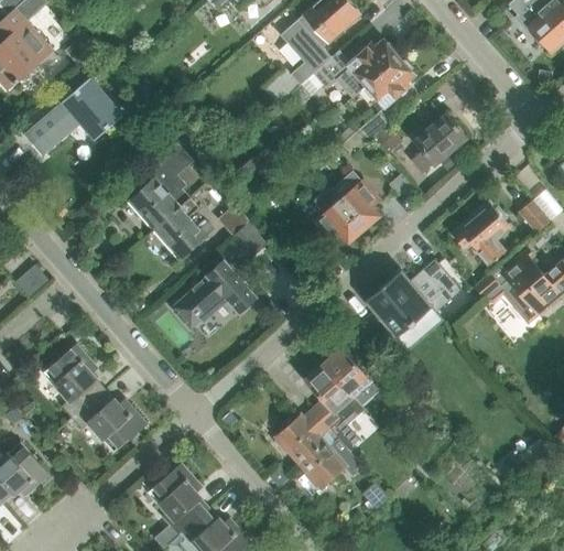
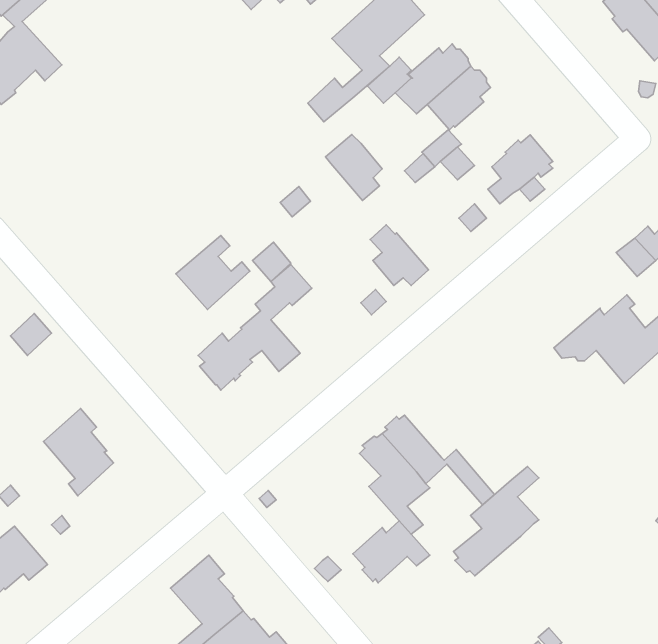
building: [23,61,123,156] -> none
building: [128,142,194,230] -> none
building: [333,172,380,227] -> [325,134,382,200]
building: [454,204,510,266] -> none
building: [365,258,462,337] -> none
building: [67,388,145,451] -> none
building: none -> [454,466,539,576]
building: [278,408,339,464] -> none

